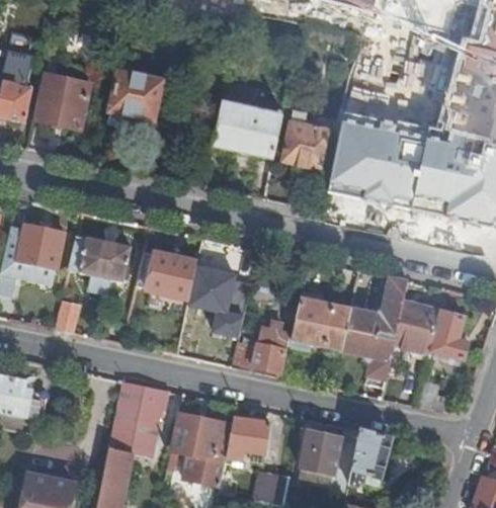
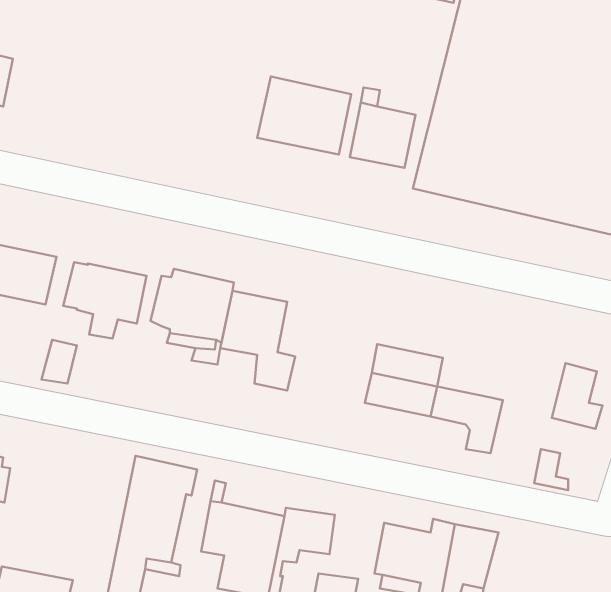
building: [110,71,164,119] -> none
building: [33,72,92,129] -> none
building: [347,278,409,338] -> none
building: [399,304,442,355] -> none
building: [232,324,290,373] -> none

